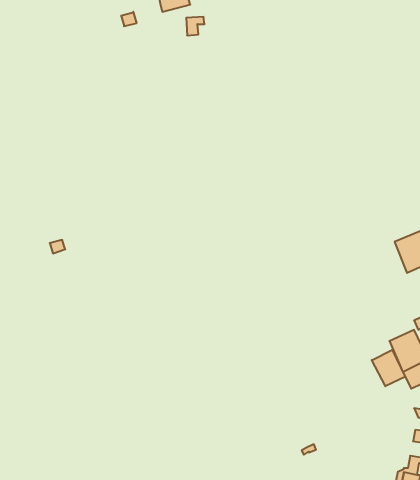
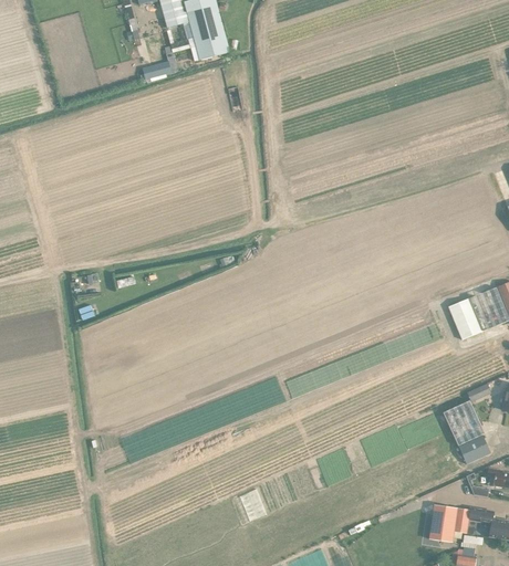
building: [372,350,405,386] -> none
building: none -> [428,504,470,542]

